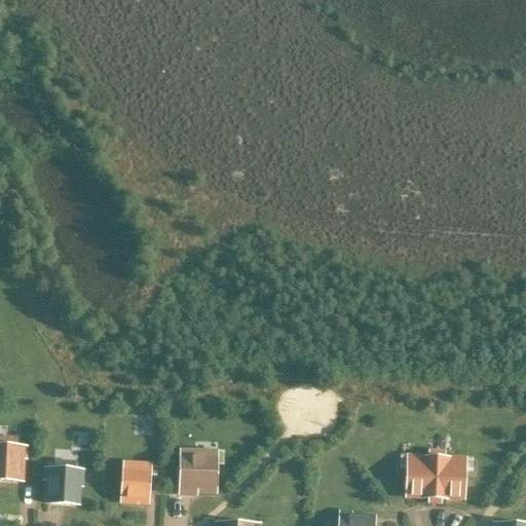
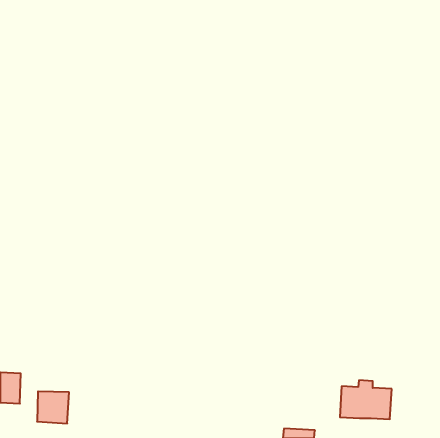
building: [179,447,219,493] -> none
building: [121,459,152,498] -> none

